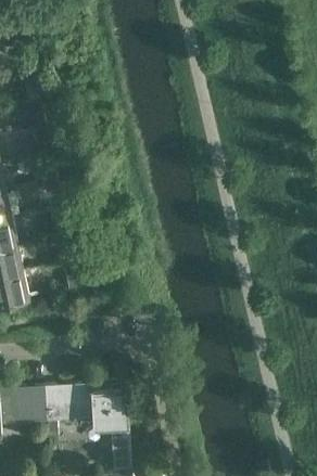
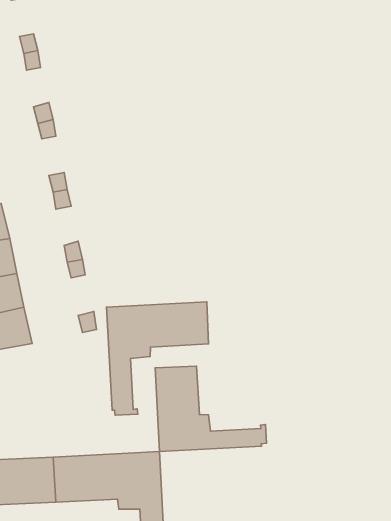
building: none -> [106,302,209,415]
building: none -> [155,366,266,452]

